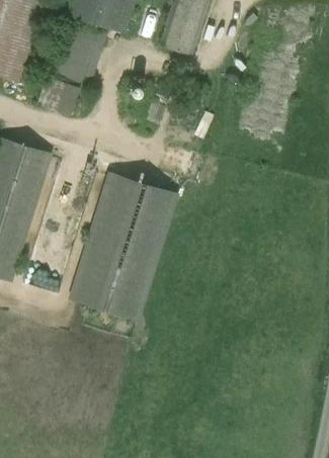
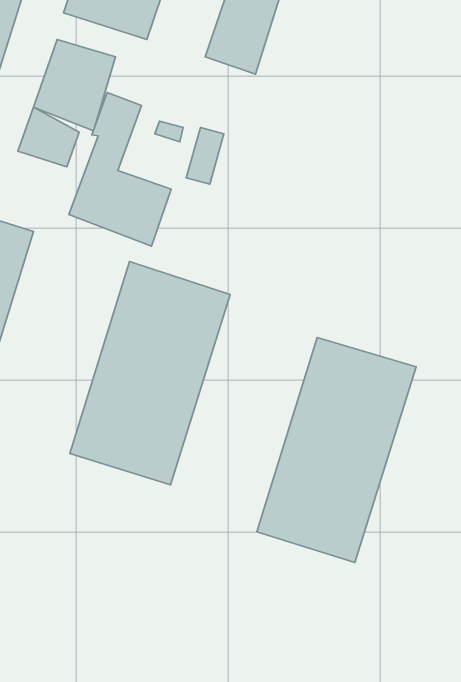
building: none -> [69,93,171,246]
building: none -> [257,338,416,563]

